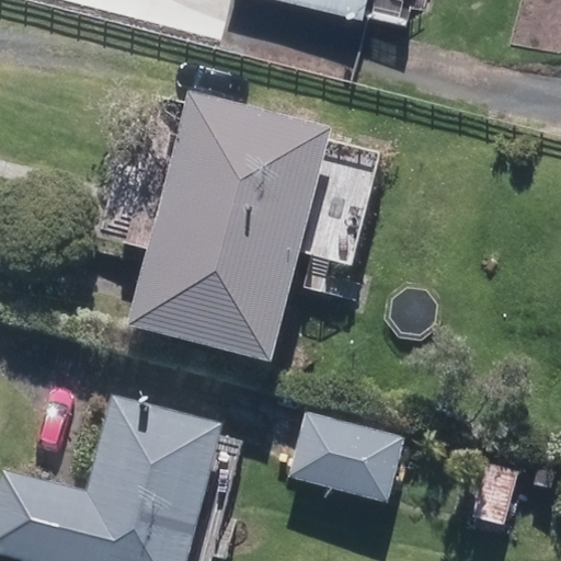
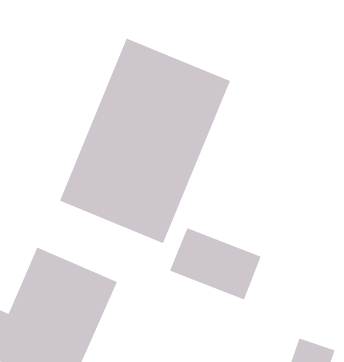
building: [286,415,405,500] -> [169,227,261,300]

